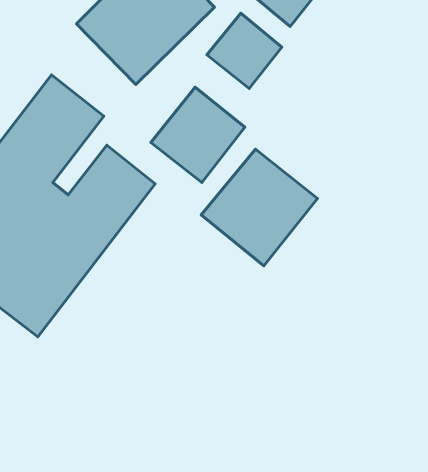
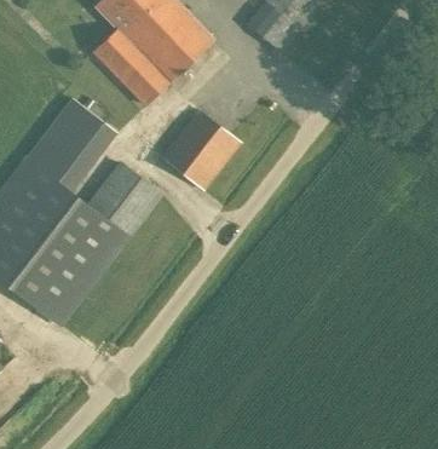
building: [207,13,282,89] -> none
building: [201,149,318,266] -> none

